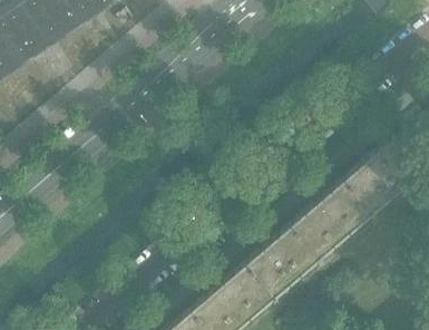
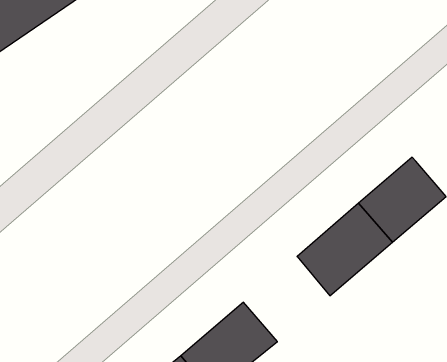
building: [243,227,316,300] -> none

